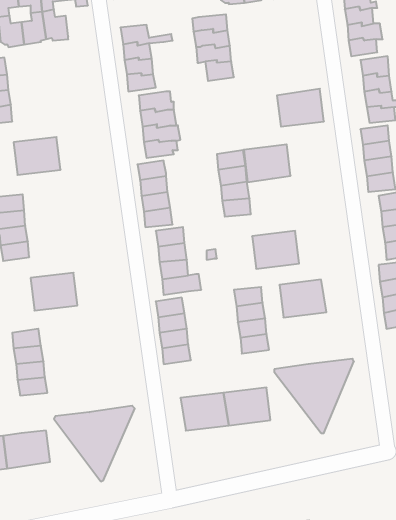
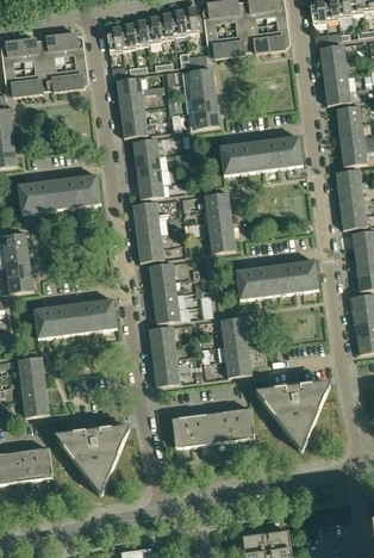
building: none -> [66,58,88,89]
building: none -> [57,173,100,209]
building: [244,144,291,182] -> [219,141,262,175]
building: none -> [73,298,116,333]
building: [279,280,326,317] -> [275,260,318,294]

